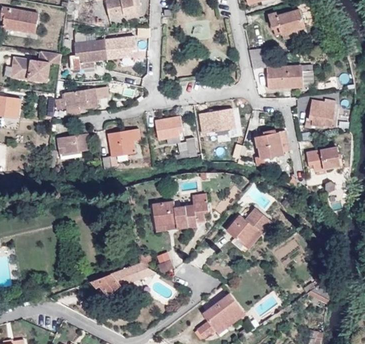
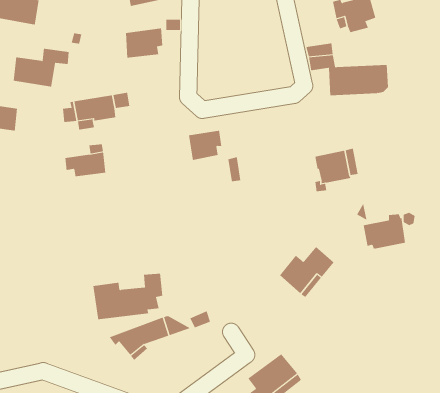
building: [69,32,106,70] -> none
building: [309,99,335,127] -> none
building: [198,109,235,133] -> none
building: [102,129,140,171] -> none
building: [306,143,340,171] -> [363,214,406,249]
building: [152,194,208,231] -> [93,273,163,320]

